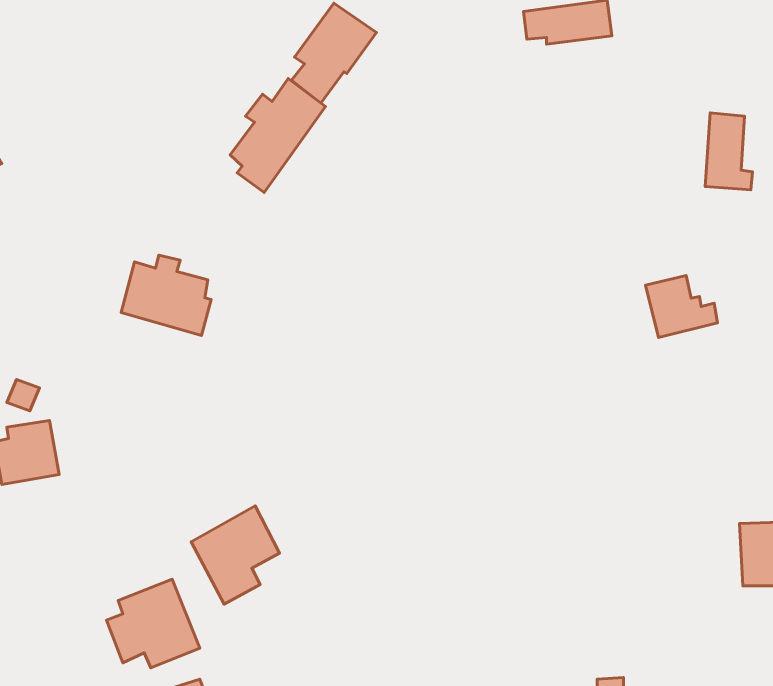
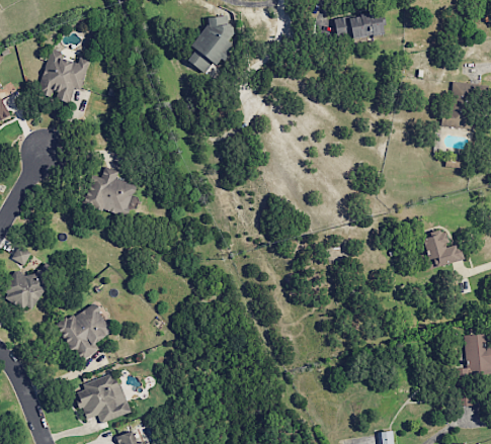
building: none -> [39,51,88,104]
building: [230,78,325,193] -> none
building: [645,275,717,338] -> [419,231,464,269]
building: [191,506,280,604] -> [57,303,111,364]

